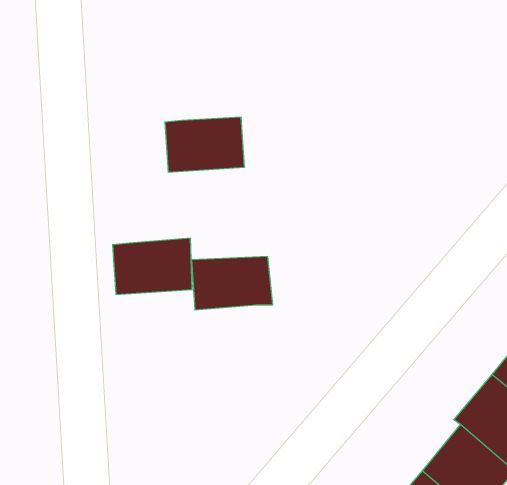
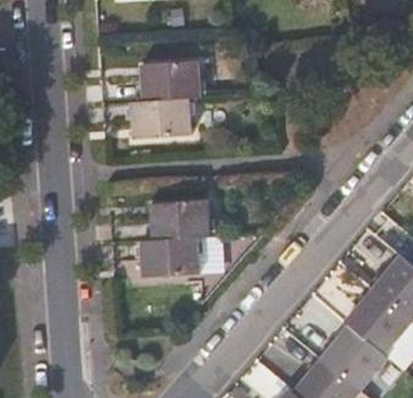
building: none -> [140,62,201,103]
building: [113,238,192,295] -> [140,237,199,278]

